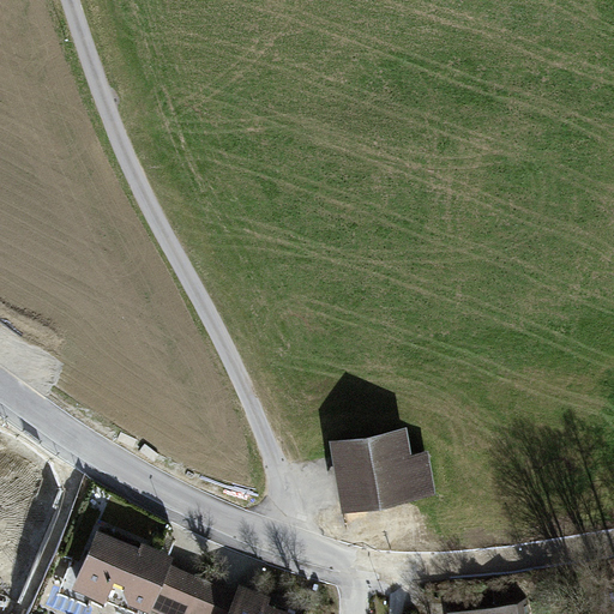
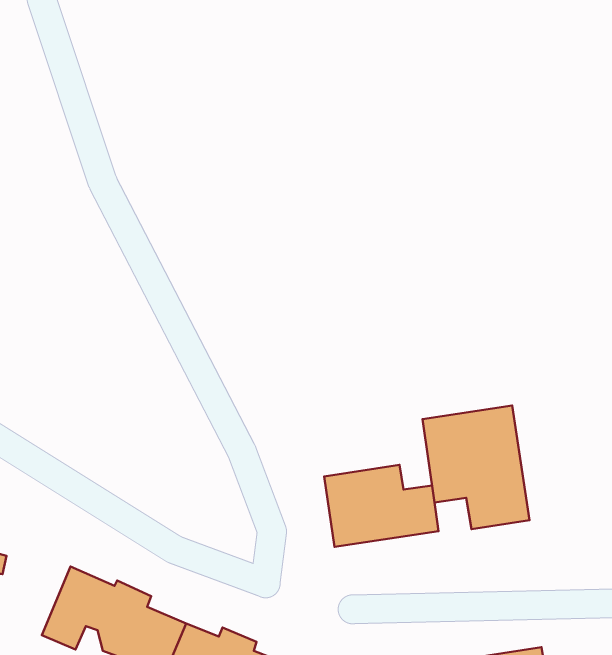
building: none -> [423,406,529,529]

